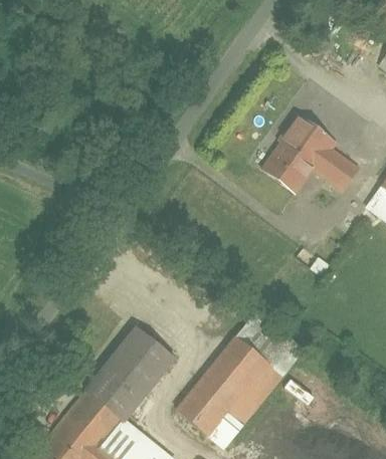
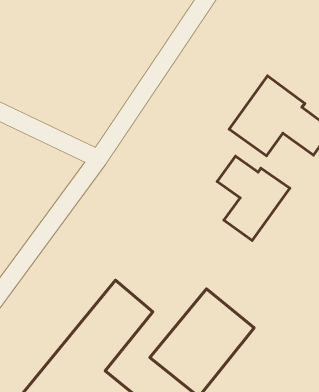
building: none -> [217,156,290,240]

